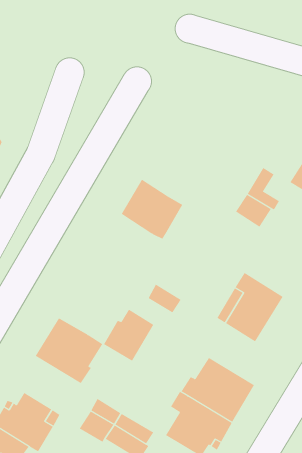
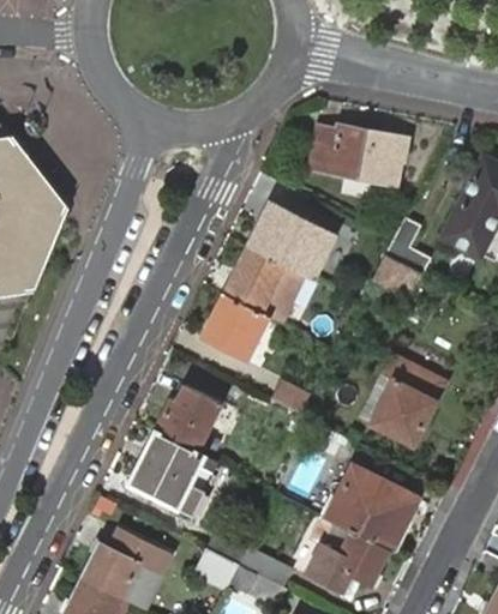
building: none -> [312,126,404,193]
building: none -> [248,203,335,279]
building: none -> [204,293,268,360]
building: [103,309,154,362] -> [156,384,220,451]

